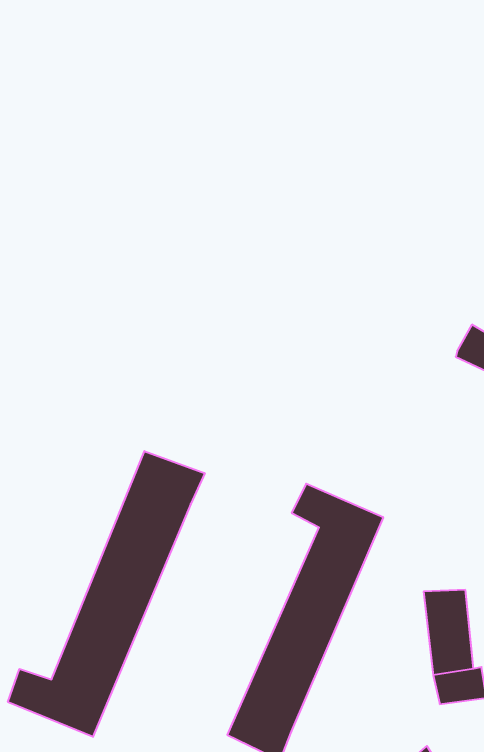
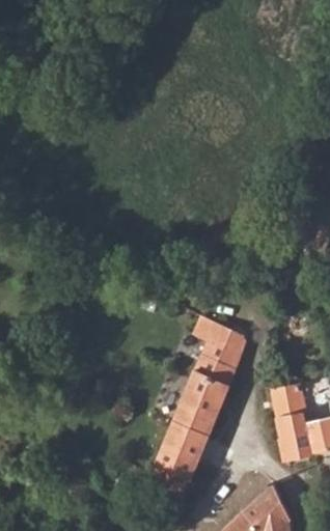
building: [8,451,205,737] -> none

